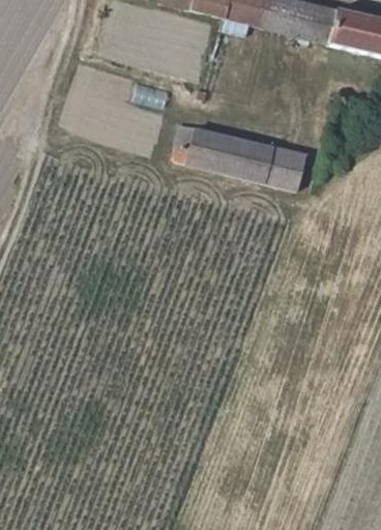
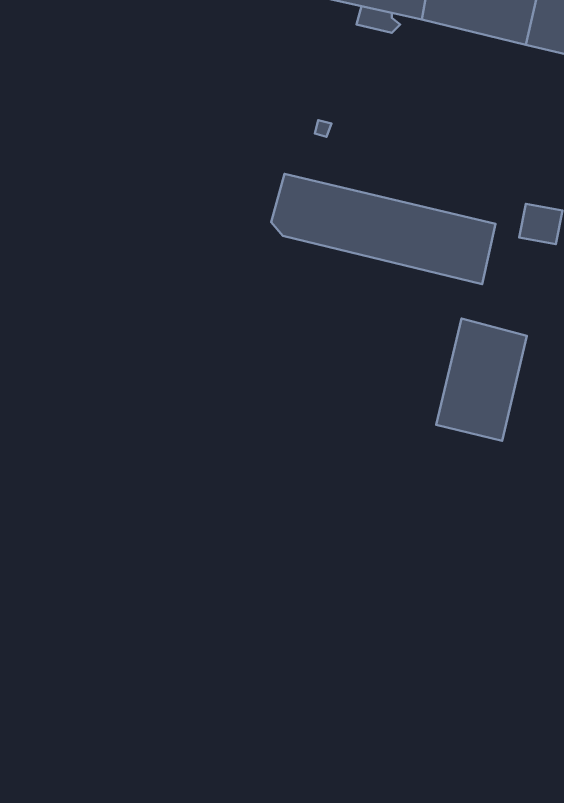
building: none -> [436,319,527,441]

